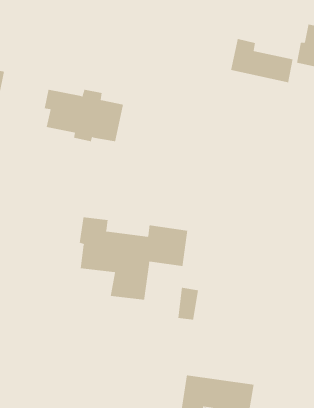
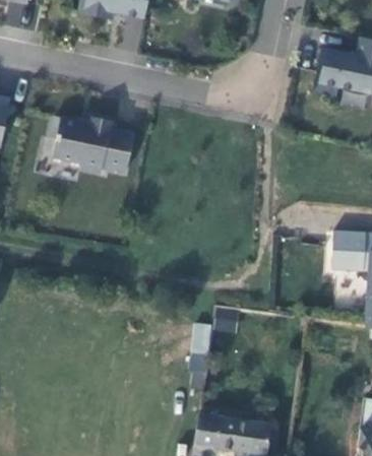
building: [231,38,293,83] -> none
building: [79,216,188,300] -> none

